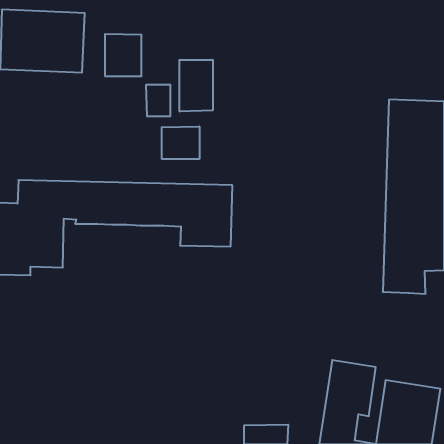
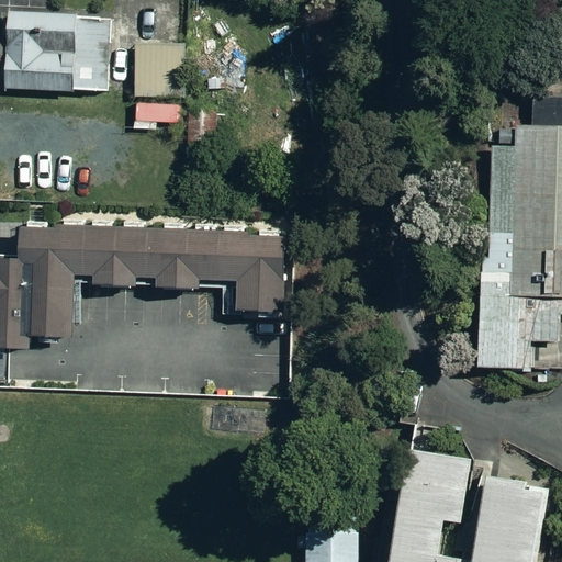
building: [180,60,213,112] -> none
building: [162,126,199,159] -> none

